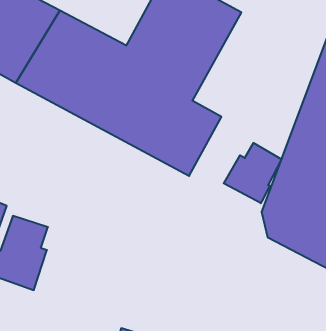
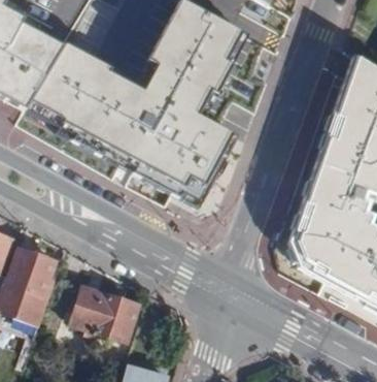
building: [224,143,281,203] -> none
building: none -> [71,285,139,341]

